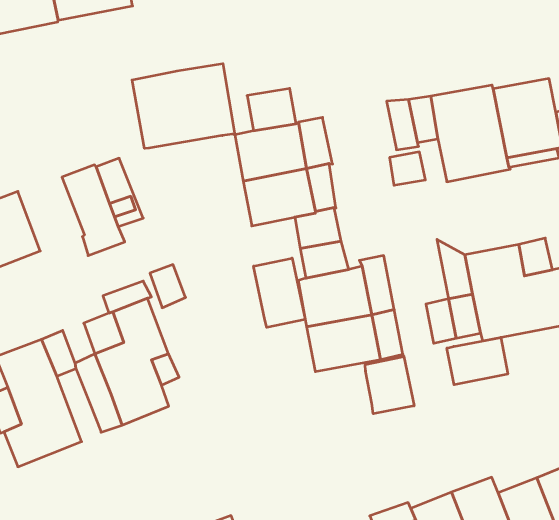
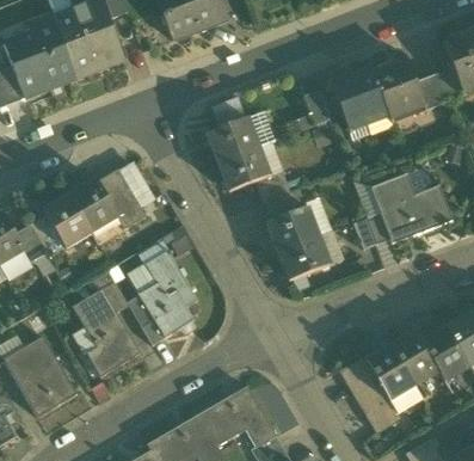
building: [132,64,235,148] -> none
building: none -> [69,179,118,232]
building: [254,258,305,327] -> none
building: [447,337,508,385] -> none
building: [365,356,414,414] -> none

